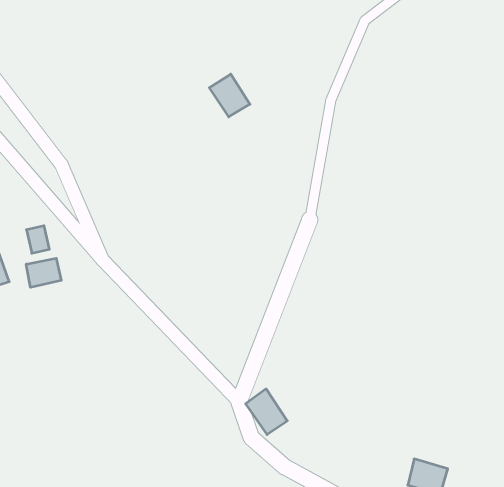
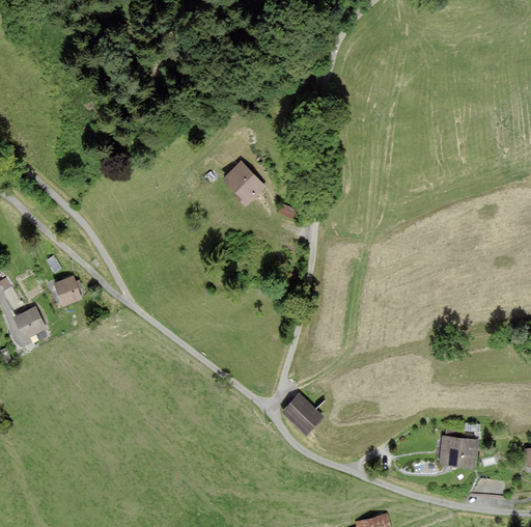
building: [209,74,250,117] -> [225,162,264,201]
building: [26,258,61,287] -> none

